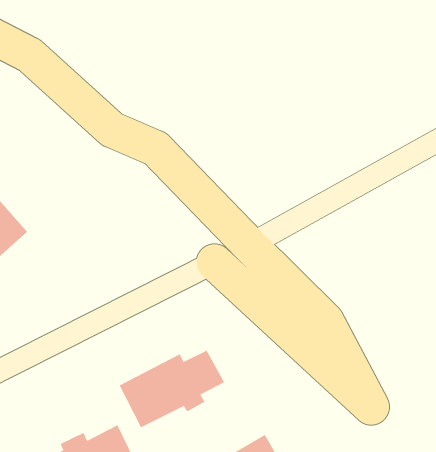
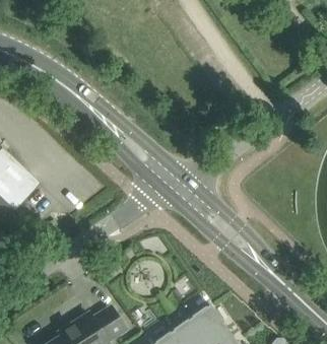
building: [119,350,225,428] -> none

